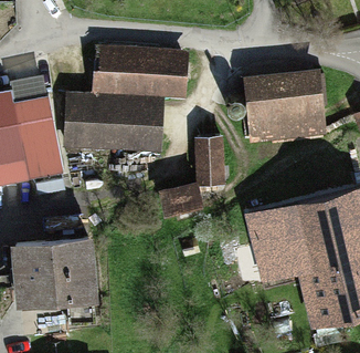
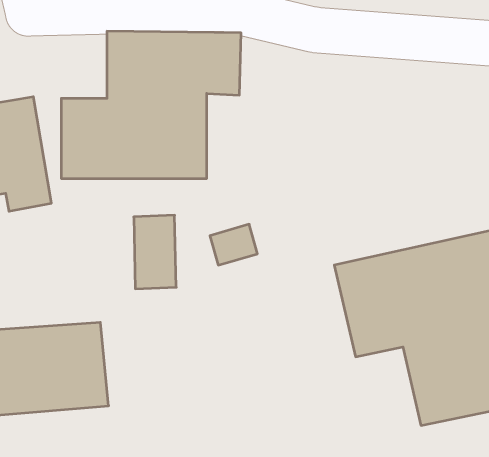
building: [245,74,326,137] -> none
building: [195,136,224,186] -> [134,215,176,289]

